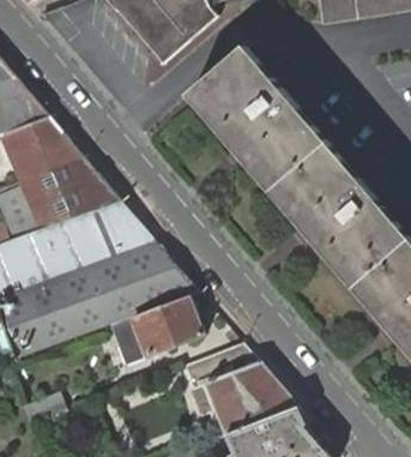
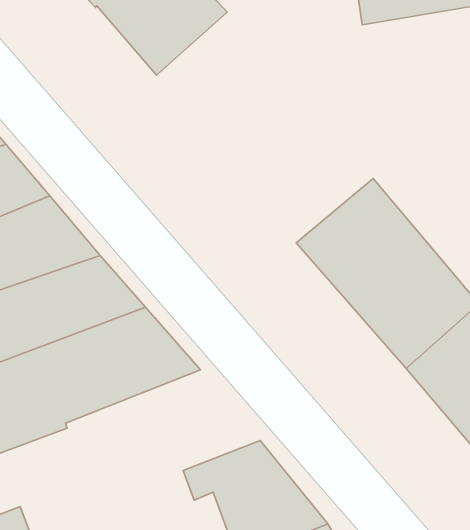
building: [187,46,328,192] -> none
building: [110,296,205,356] -> none

